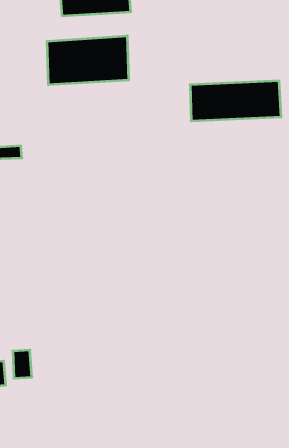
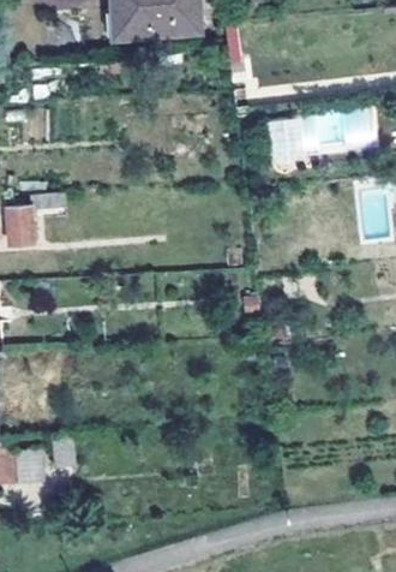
building: [47,36,129,85] -> none

